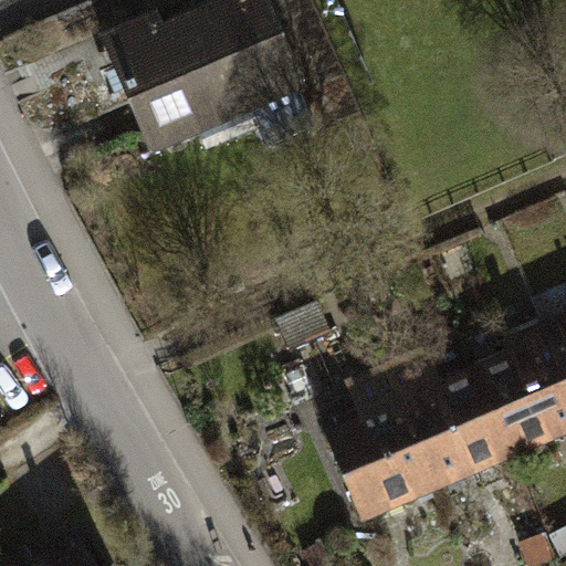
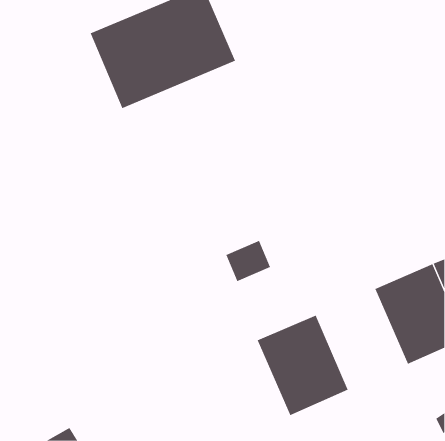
building: [401,367,517,495] -> none

